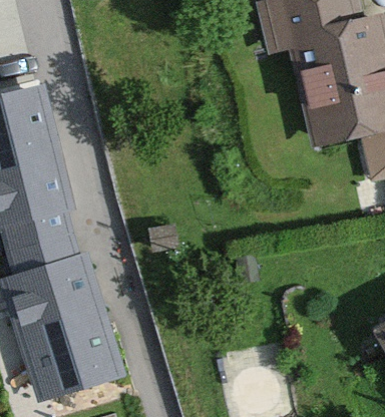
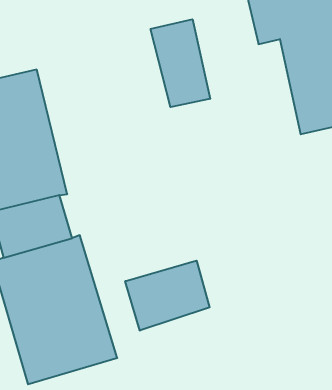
building: none -> [151,19,210,107]
building: none -> [125,261,210,331]

